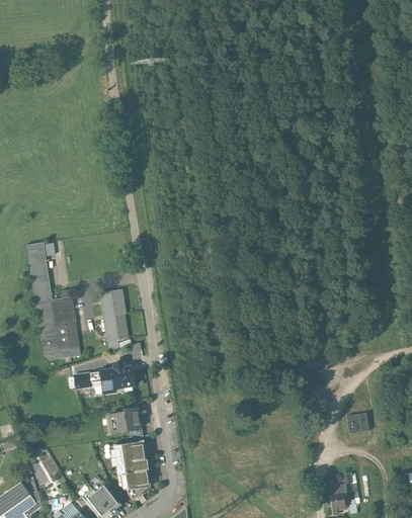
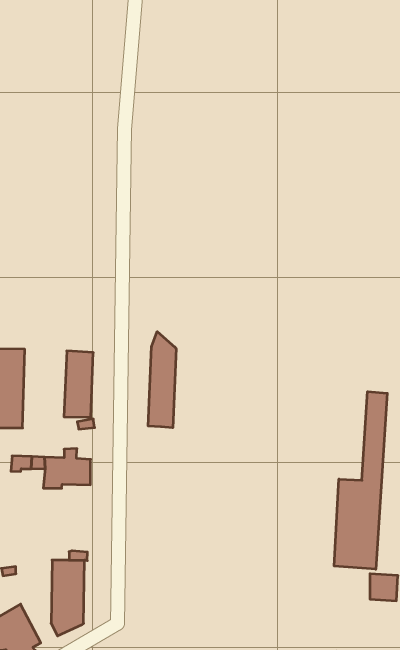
building: none -> [148,332,176,428]
building: none -> [334,392,387,569]
building: [110,407,141,432] -> none

